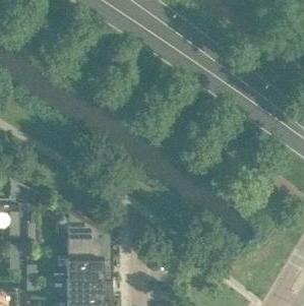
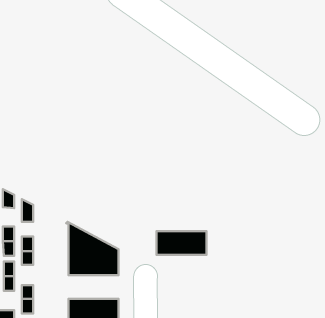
building: [65,259,110,281] -> [157,231,206,255]

